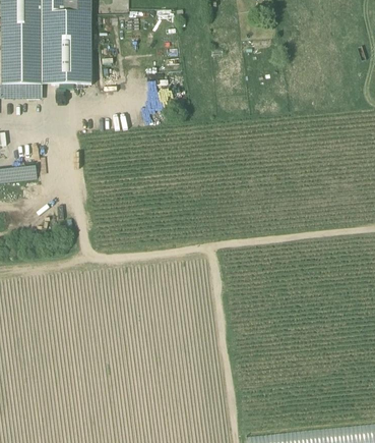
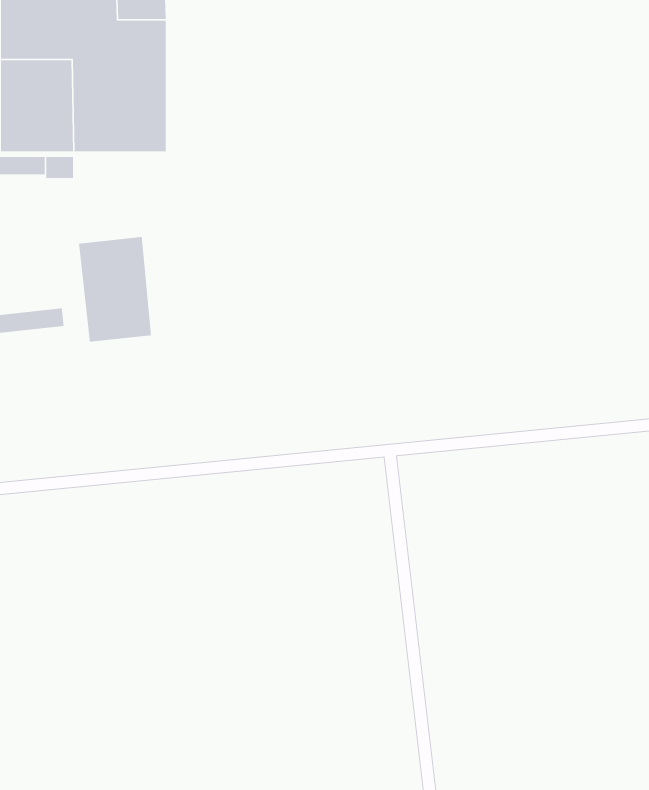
building: none -> [78,236,152,343]

